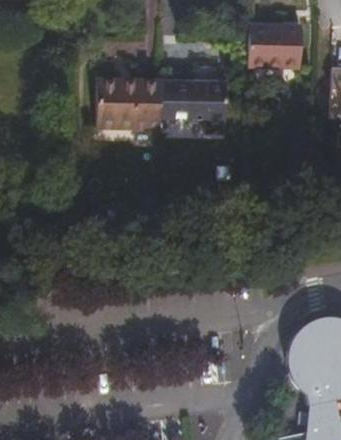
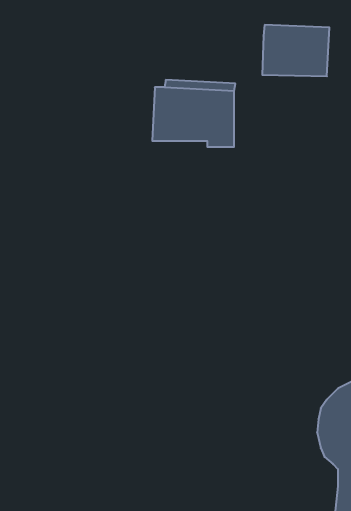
building: [93,79,159,131] -> none

